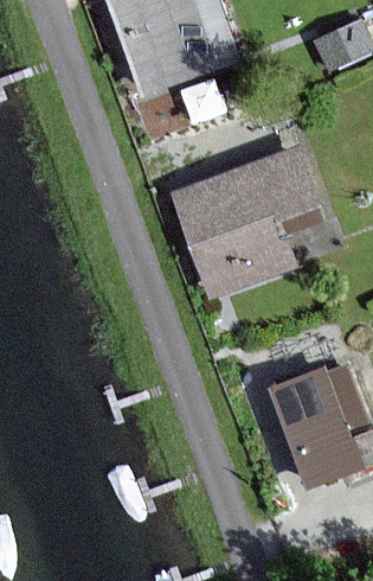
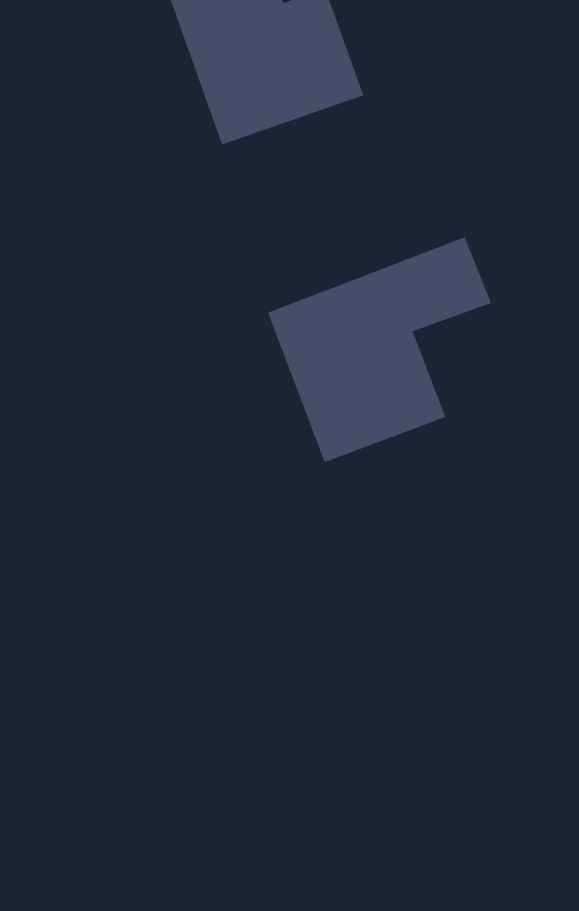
building: [268,369,361,484] -> none

